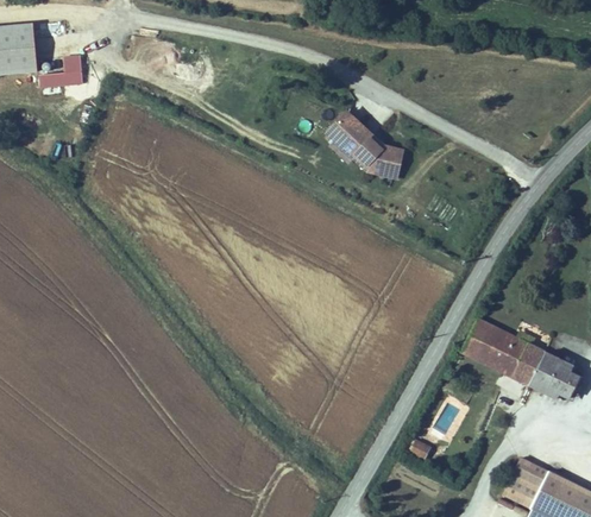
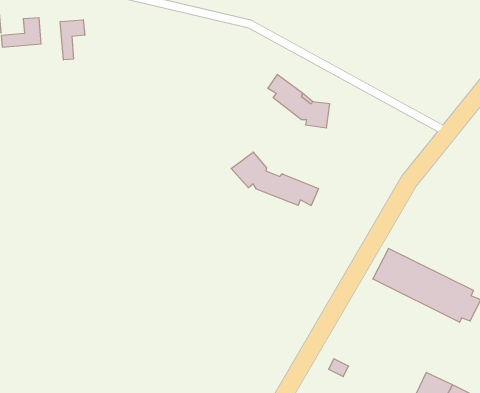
building: none -> [60,20,85,60]
building: none -> [231,152,318,206]

